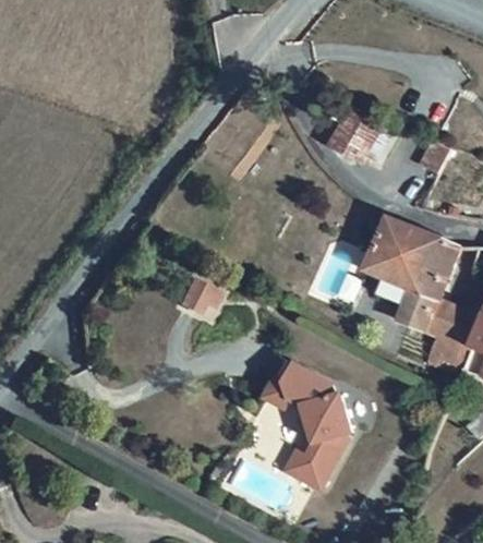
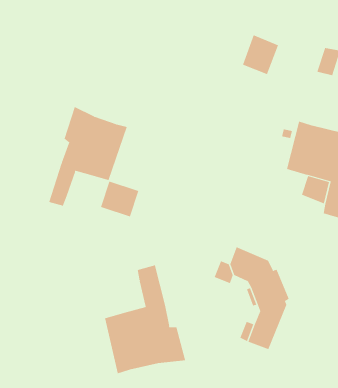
building: none -> [49,106,127,207]
building: none -> [104,265,186,374]

